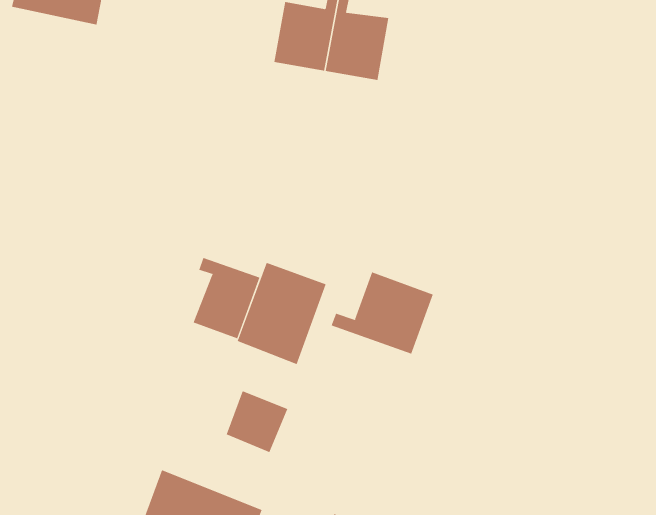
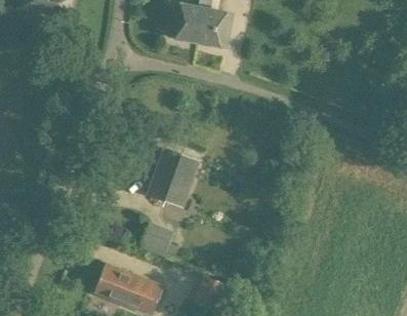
building: [193,257,260,339] -> none
building: [331,272,434,355] -> none

